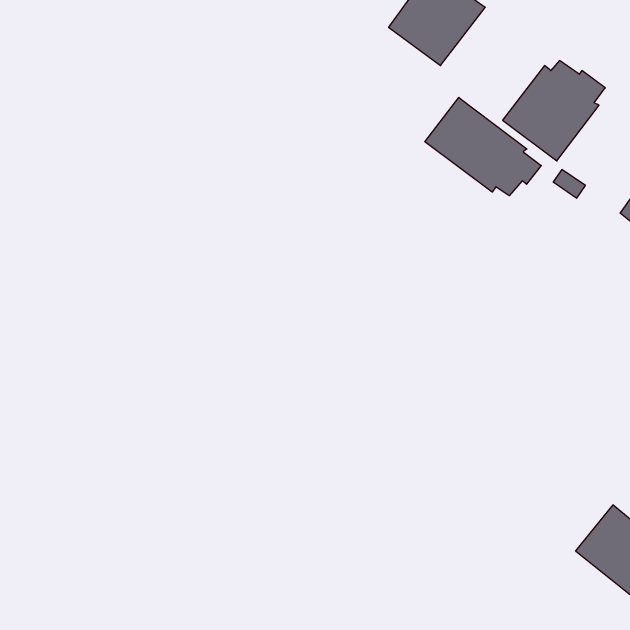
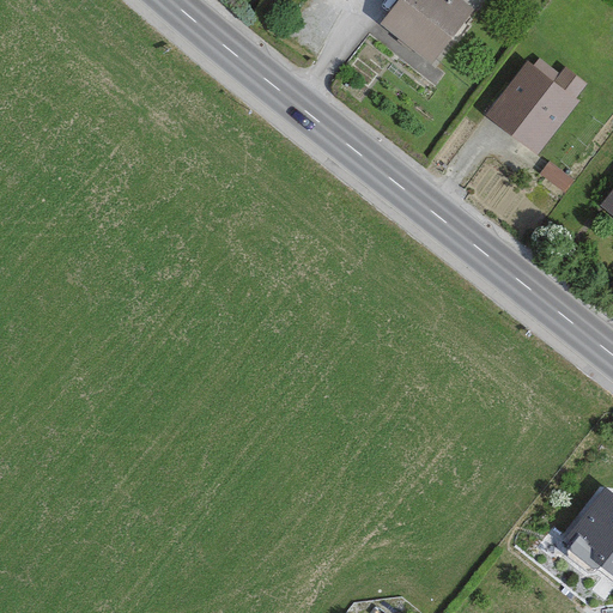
building: [425,97,541,196] -> none

